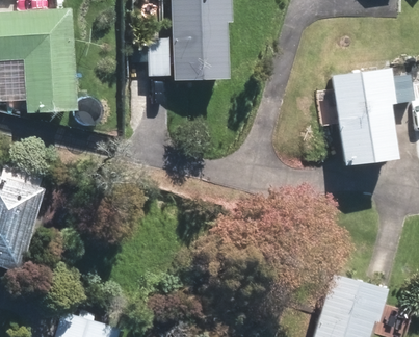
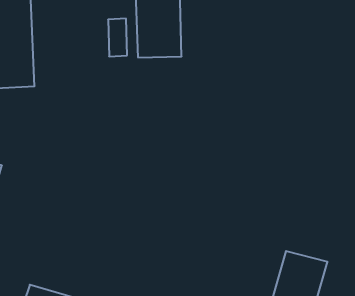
building: [336,71,398,163] -> none

